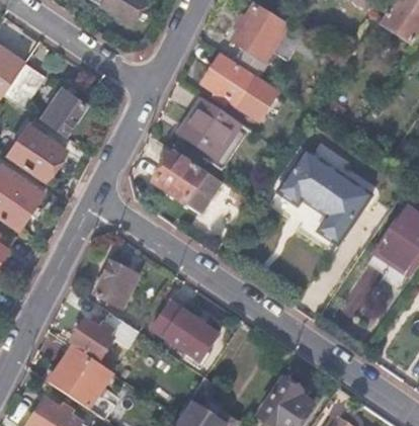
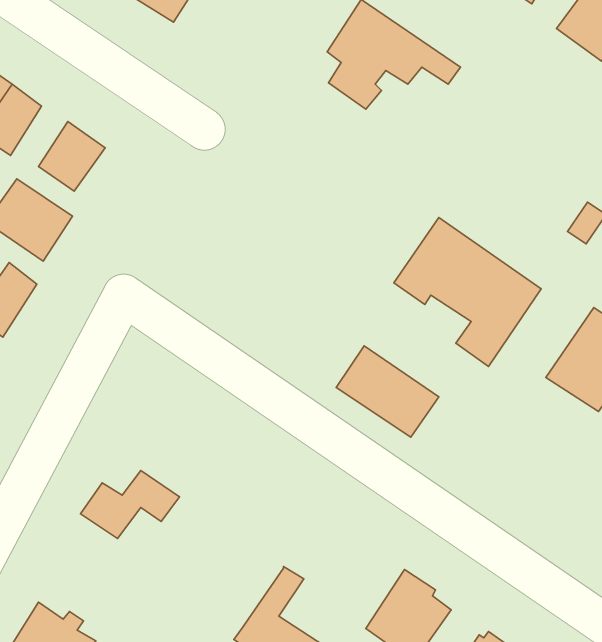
building: [201,53,271,116] -> none
building: [178,97,241,161] -> none
building: [155,154,222,214] -> none
building: [95,263,137,308] -> none
building: [149,301,216,360] -> [336,346,439,437]
building: [52,344,105,412] -> none

